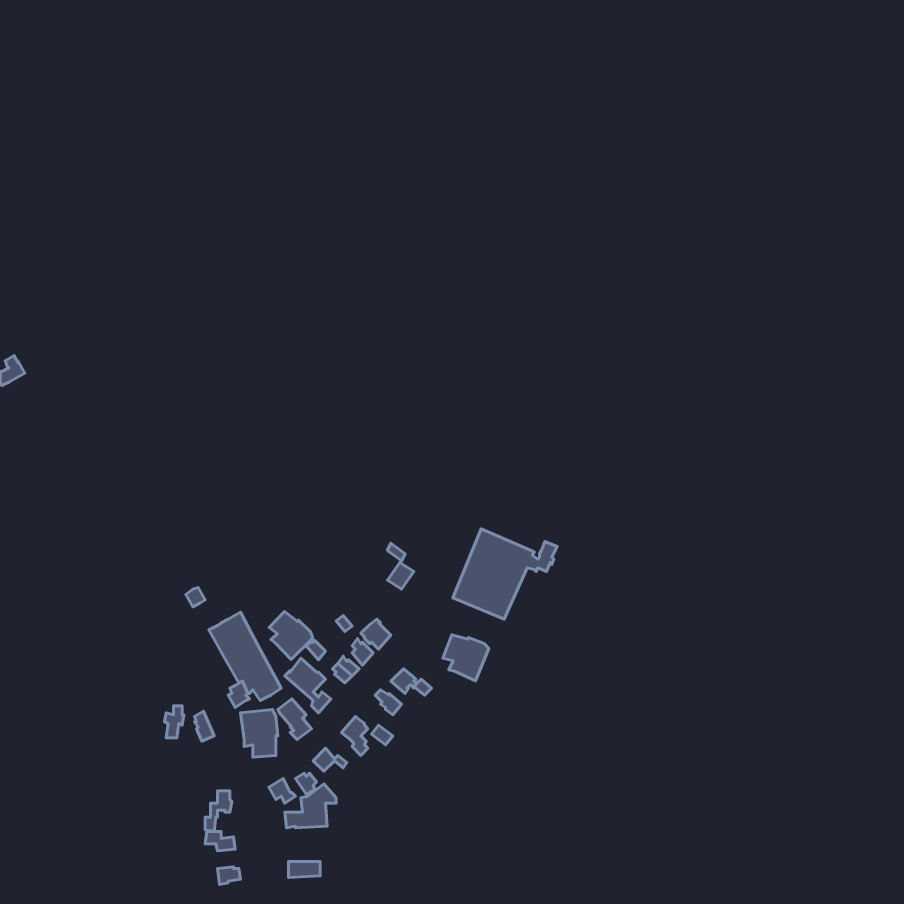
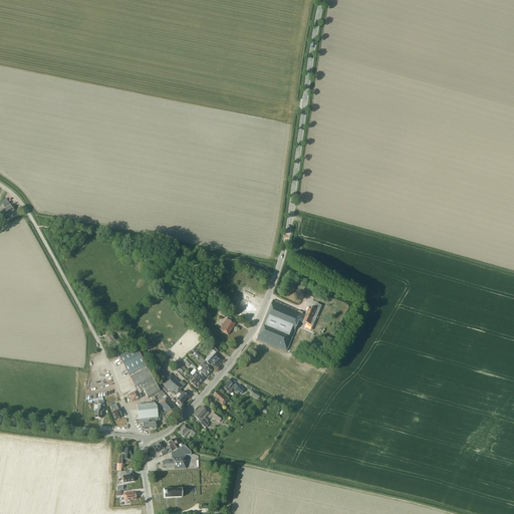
building: [269,611,313,660] -> none
building: [443,635,489,681] -> none

